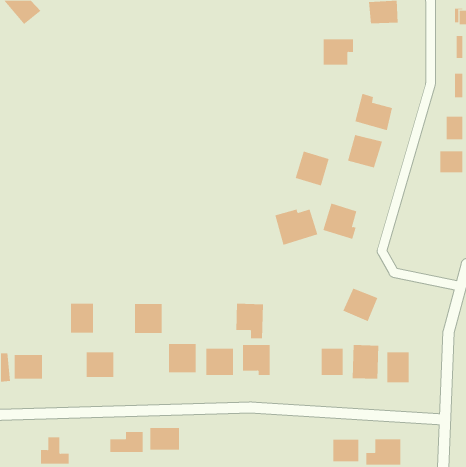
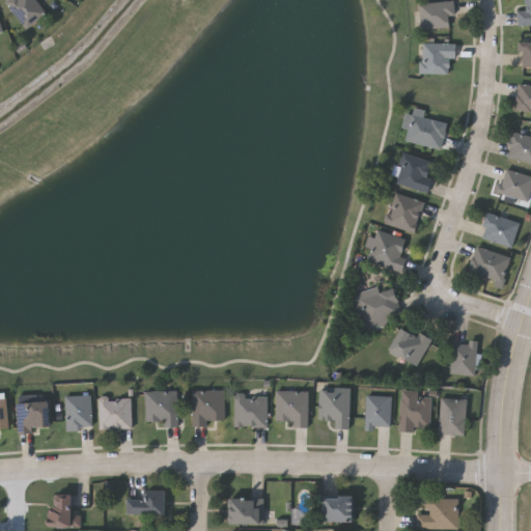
building: [323,39,354,65] -> [421,43,456,73]
building: [295,151,330,186] -> [385,192,424,232]
building: none -> [479,213,519,247]
building: [274,209,318,245] -> [353,287,402,329]
building: none -> [469,246,509,280]
building: none -> [451,342,476,374]
building: [70,303,94,333] -> [64,395,91,429]
building: [235,303,264,339] -> [318,388,351,428]
building: [134,303,162,334] -> [145,391,177,425]
building: [150,427,180,450] -> [228,498,262,524]
building: [333,439,359,462] -> [324,496,354,522]

